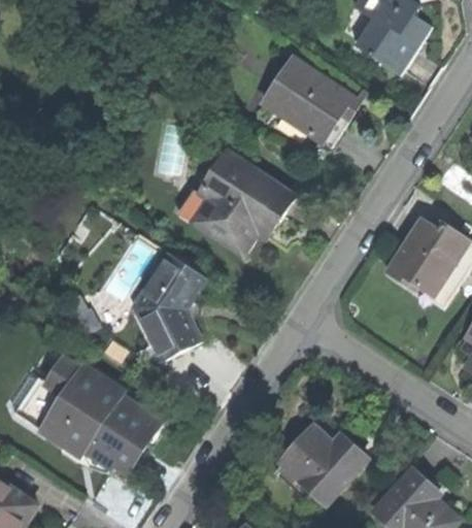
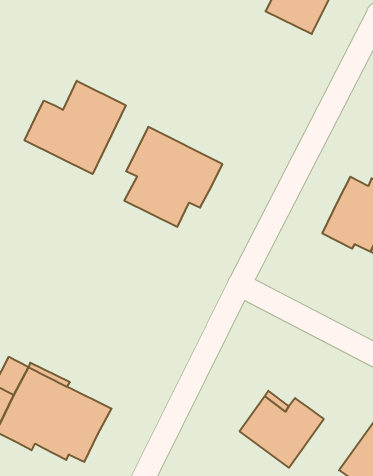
building: [264,57,359,145] -> none
building: none -> [25,81,126,174]
building: [135,254,202,358] -> none

